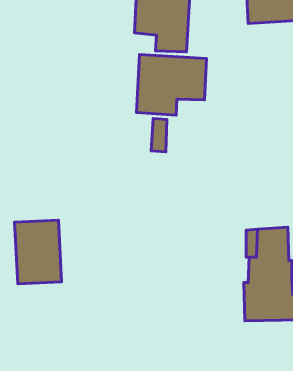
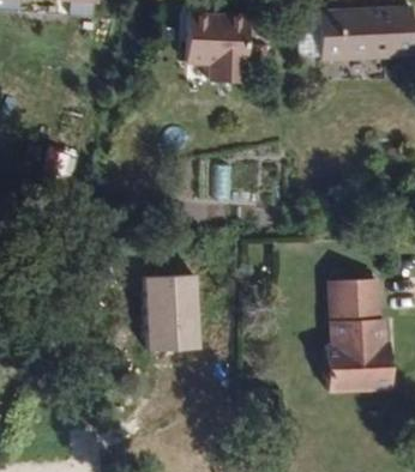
building: [137,54,207,115] -> none
building: [15,220,62,284] -> [146,274,200,347]

